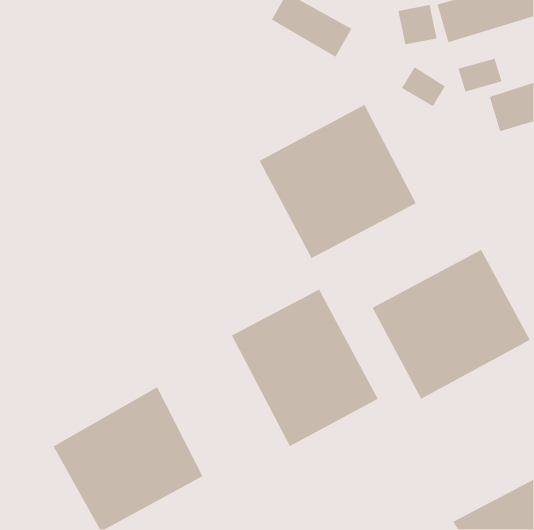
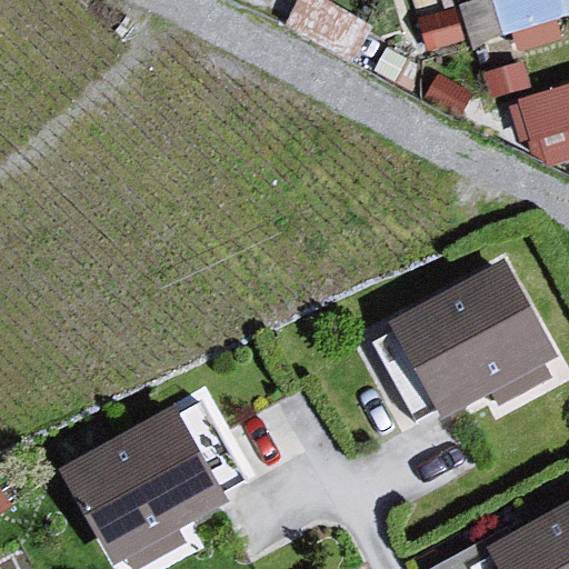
building: [258,104,417,259] -> none
building: [231,288,379,447] -> none

